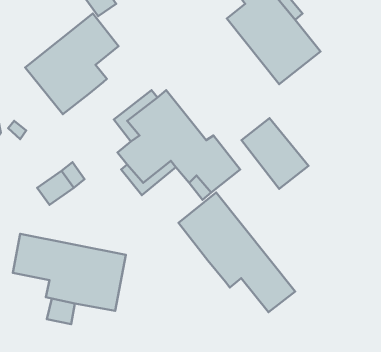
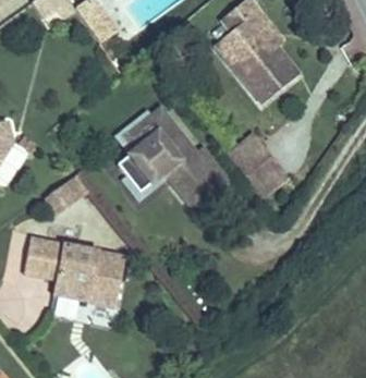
building: [25,13,119,114] -> none
building: [178,193,295,312] -> none

